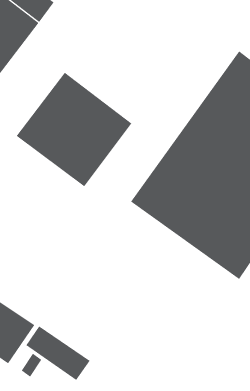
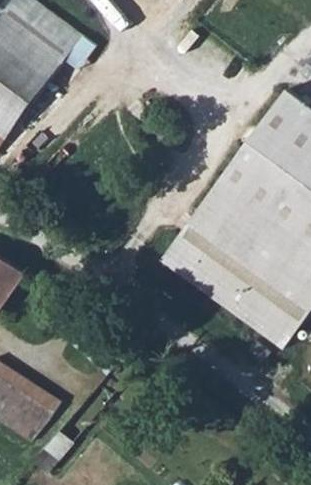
building: [16,72,132,187] -> none
building: [25,325,91,381] -> none

